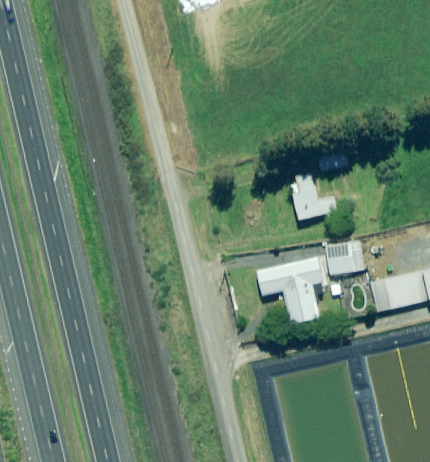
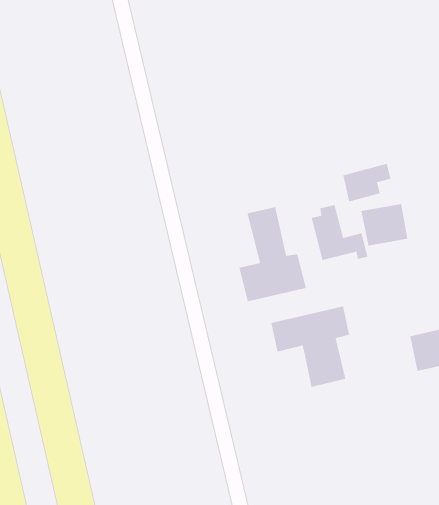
building: none -> [239,206,306,302]
building: [325,240,364,275] -> [361,203,408,246]

